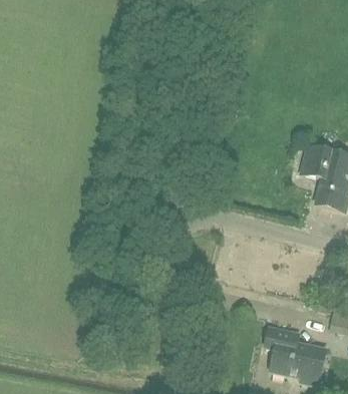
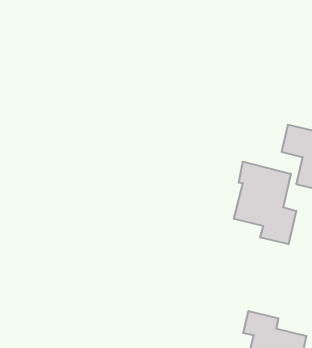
building: none -> [234,162,296,244]

